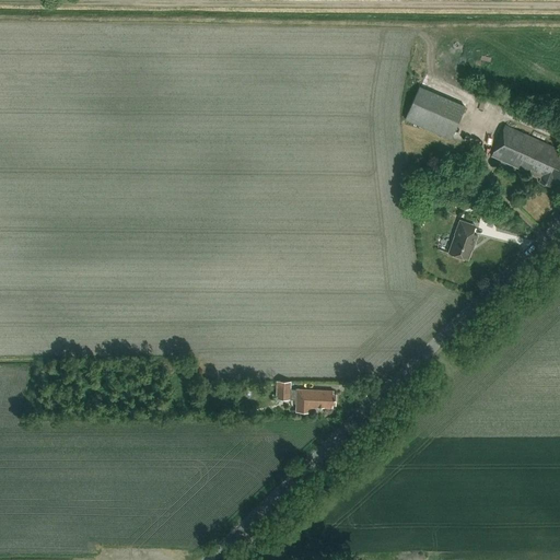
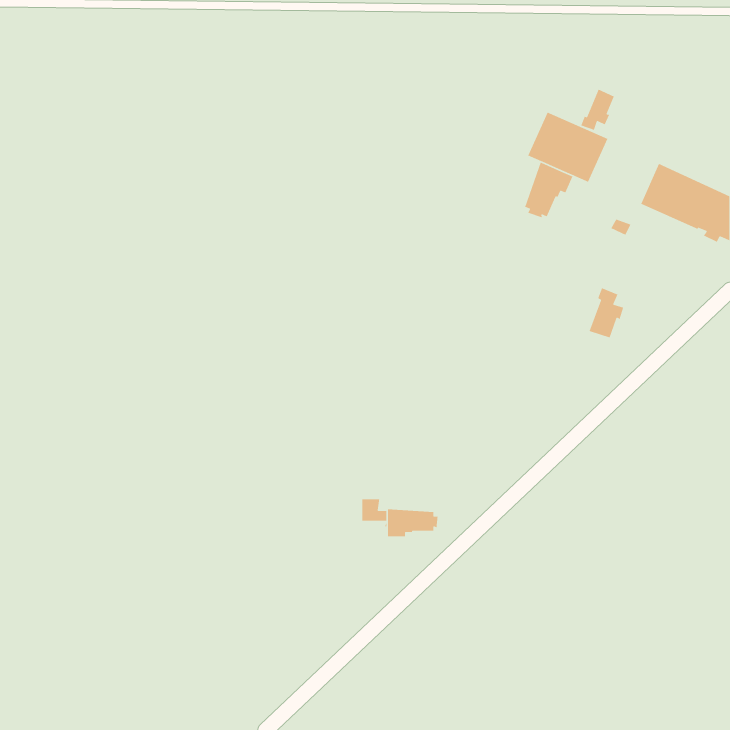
building: none -> [580,89,615,131]
building: none -> [524,162,573,219]

